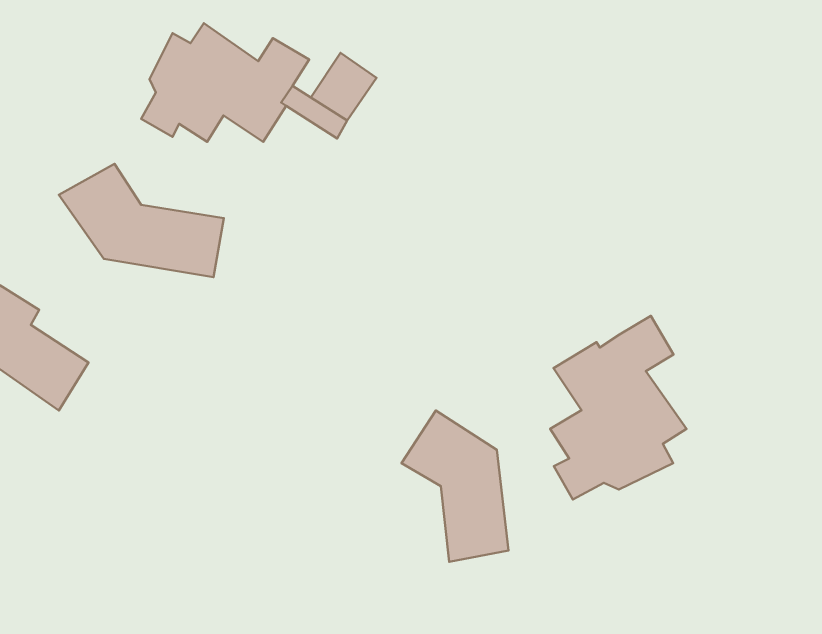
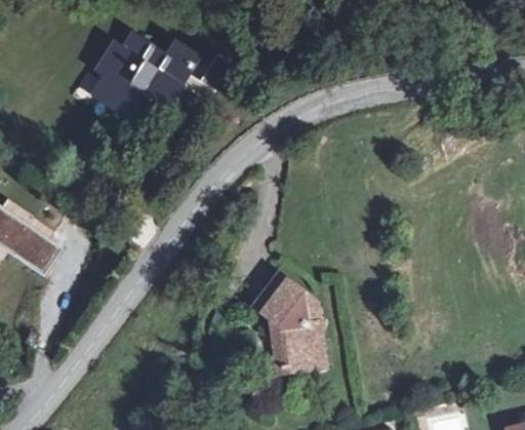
building: [59,164,224,277] -> none
building: [550,316,686,500] -> none

